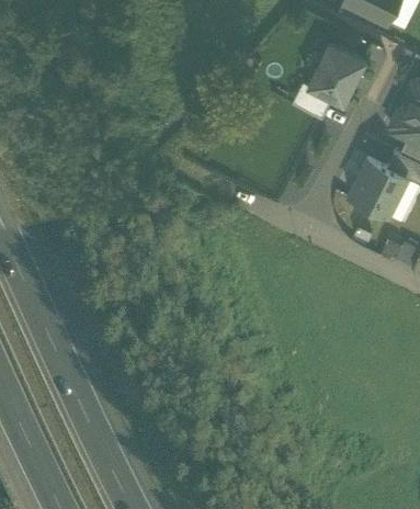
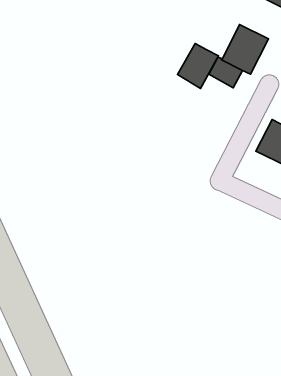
building: none -> [177,43,219,88]

